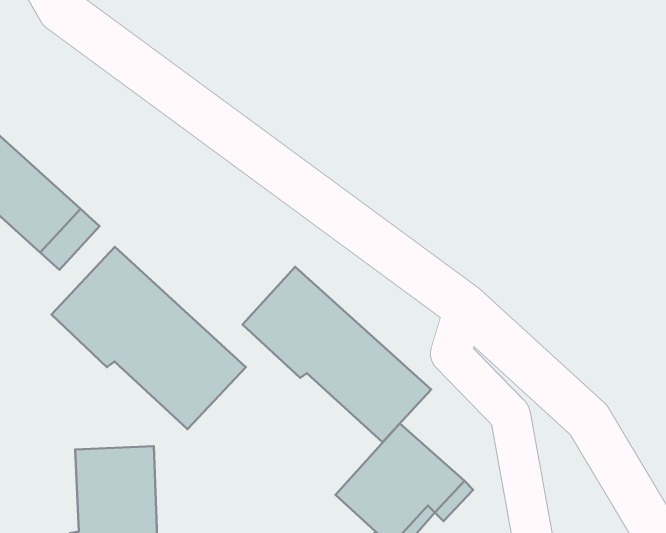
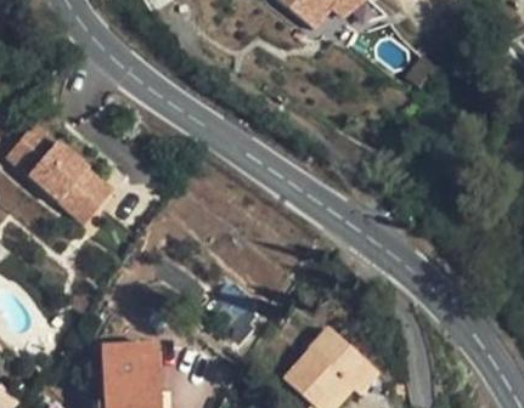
building: [52,247,246,429] -> none
building: [242,267,431,442] -> none

